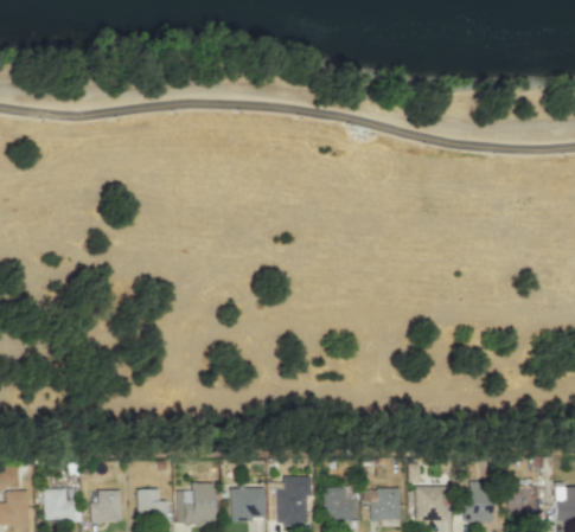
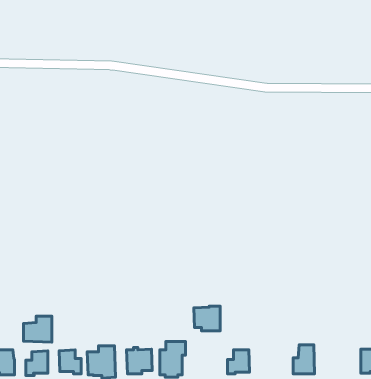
building: none -> [24,316,52,342]
building: [322,485,359,519] -> [194,306,220,331]
building: [415,485,447,519] -> none
building: [506,485,537,519] -> none

